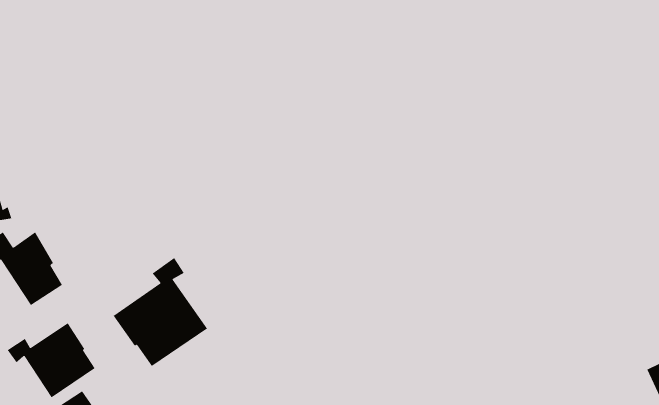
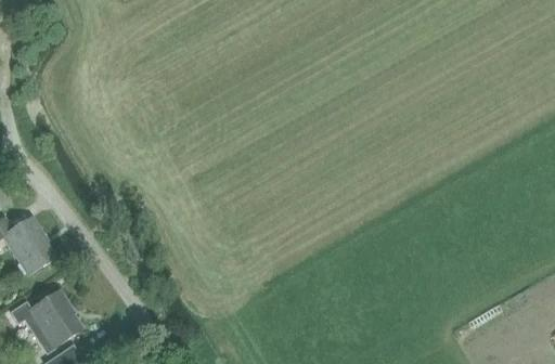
building: [113,257,208,367] -> none

